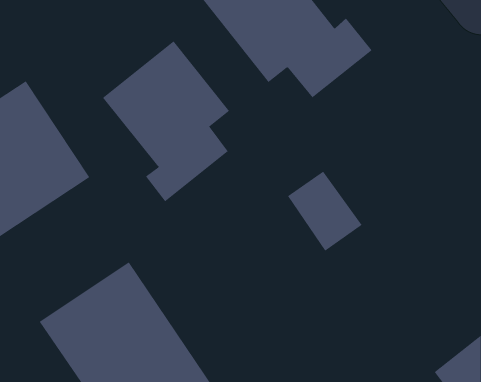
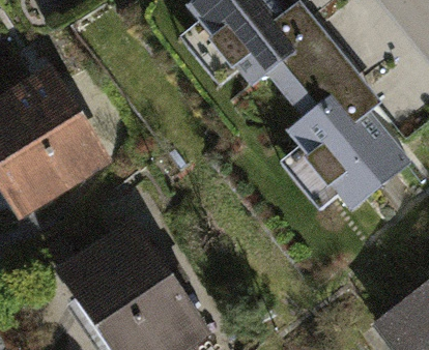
building: [102,41,230,202] -> none
building: none -> [288,54,408,206]

